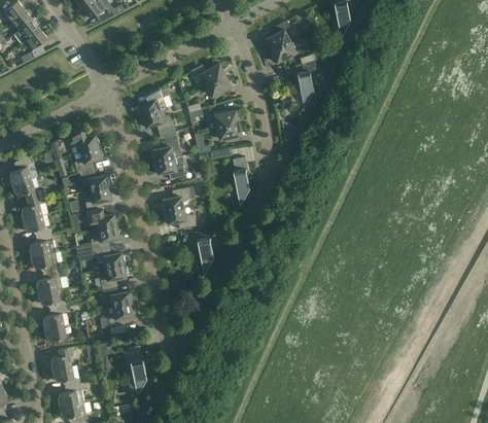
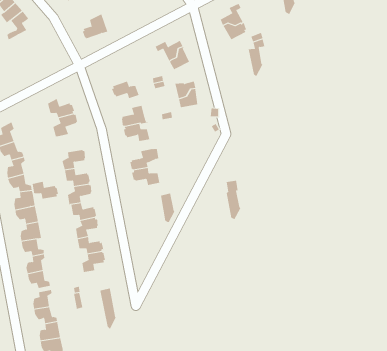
building: [137,86,167,115] -> [82,14,108,39]
building: [233,156,250,202] -> [226,180,241,220]
building: [79,170,110,190] -> [32,181,59,199]

